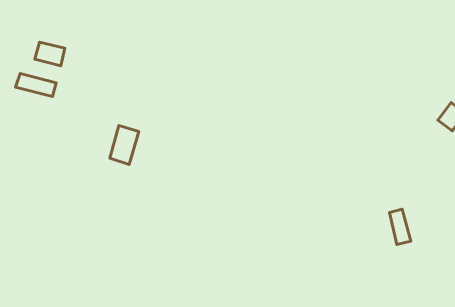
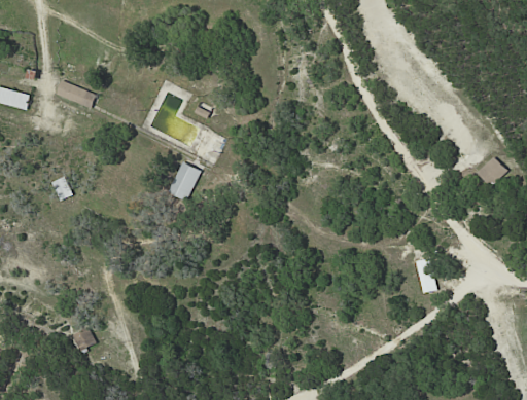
building: [35,42,65,66] -> none
building: [110,126,139,164] -> [169,161,201,202]

